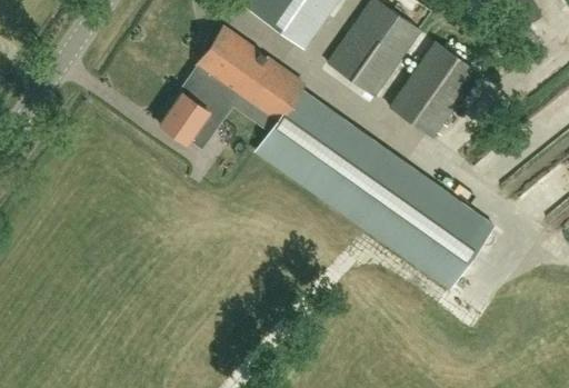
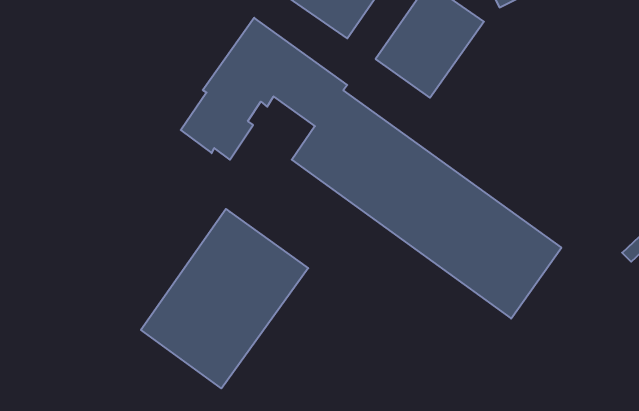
building: [390,41,480,137] -> none
building: none -> [141,209,308,388]

